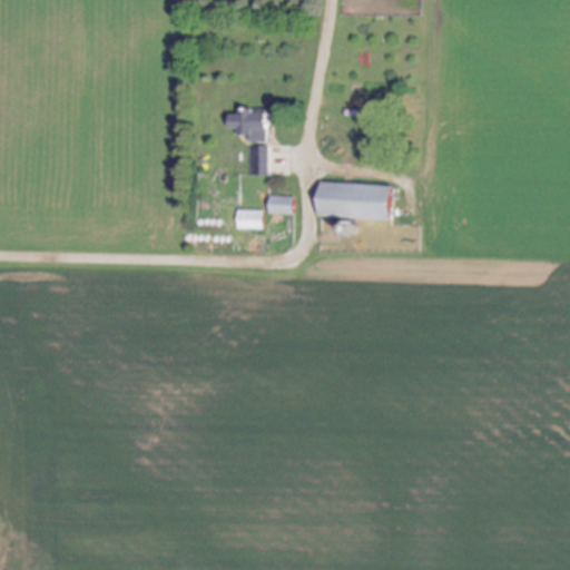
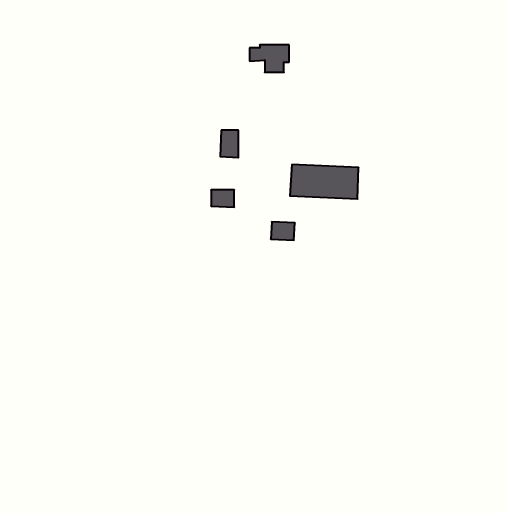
building: [226,110,269,140] -> [250,45,289,72]
building: [265,194,292,214] -> [271,222,295,240]

